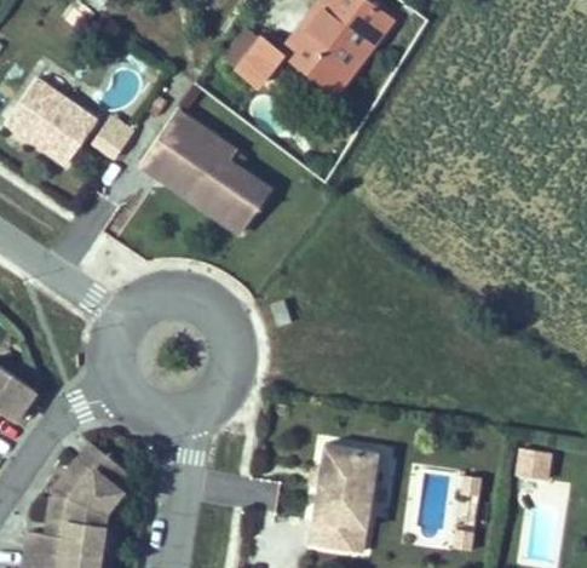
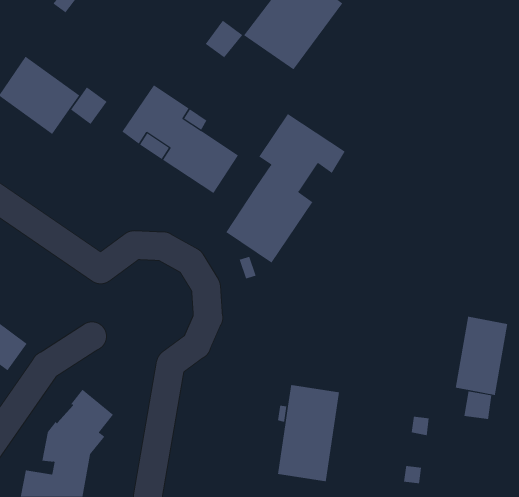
building: none -> [225,113,345,264]
building: none -> [455,316,508,396]

